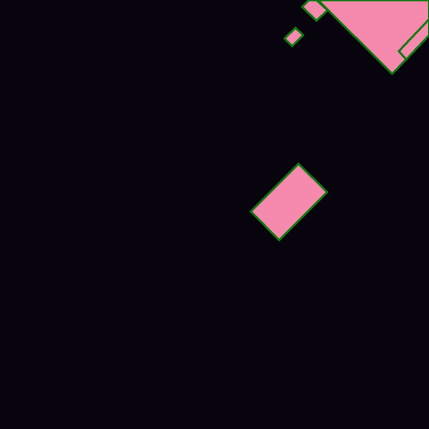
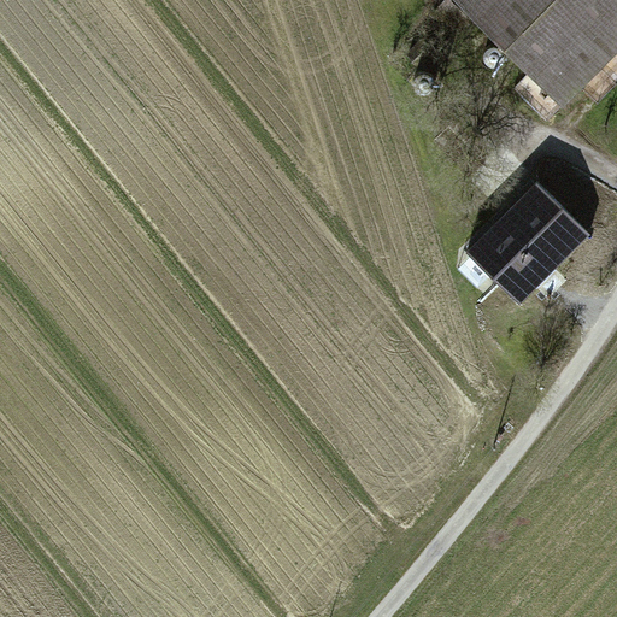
building: [251,164,327,240] -> [475,187,584,296]

